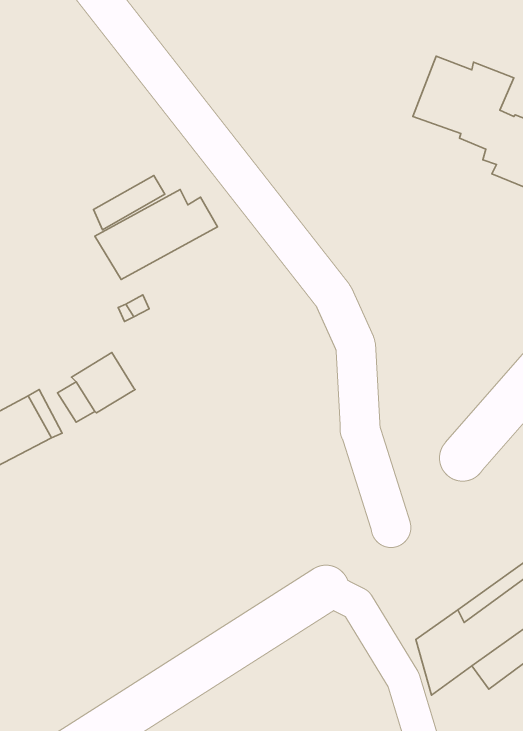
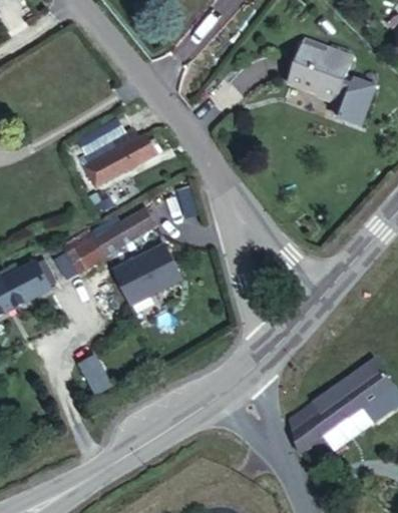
building: none -> [91,206,156,256]
building: none -> [112,246,180,306]
building: none -> [80,353,116,395]

